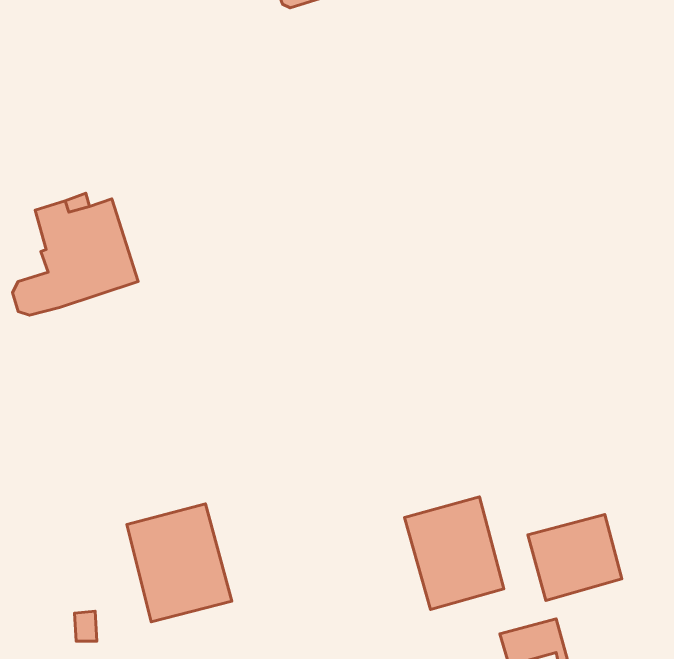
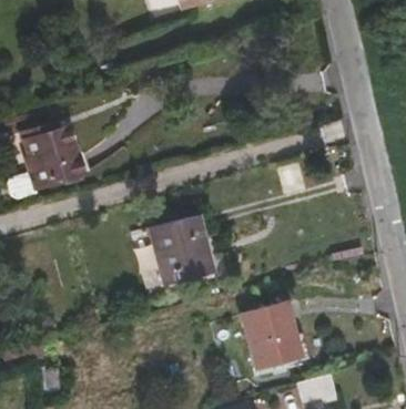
building: [127,504,232,622] -> [151,215,213,285]
building: [528,514,622,600] -> none

